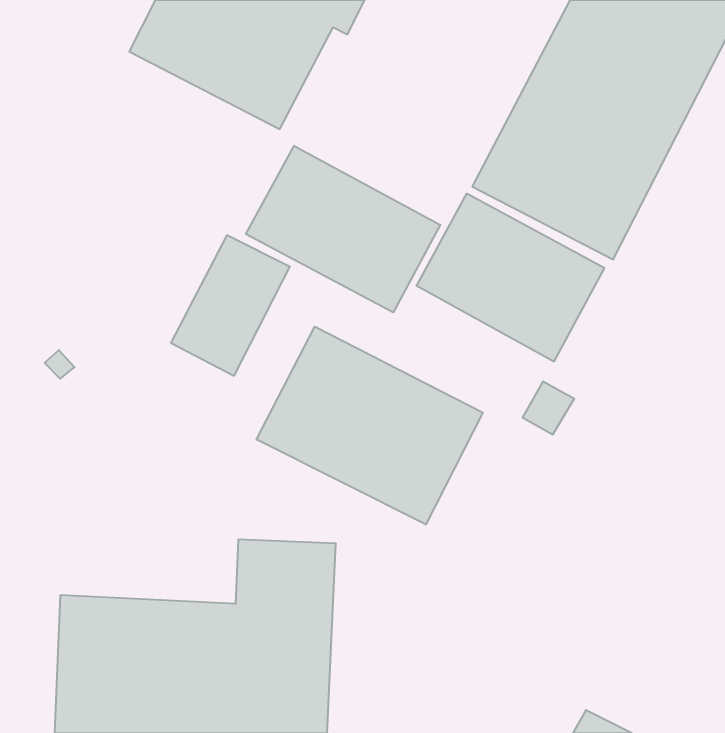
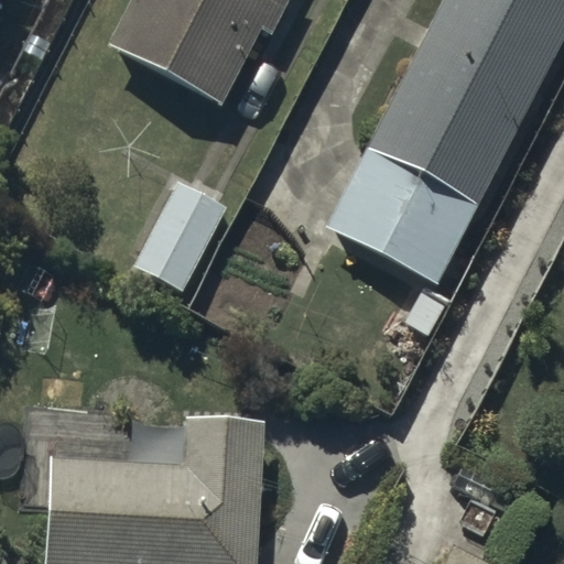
building: [246,146,440,312] -> none
building: [257,327,483,525] -> none

